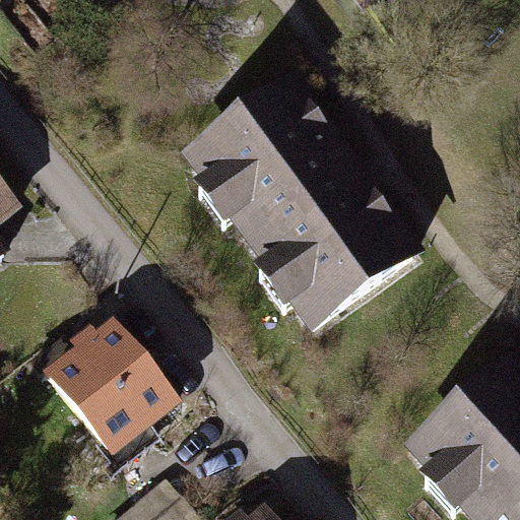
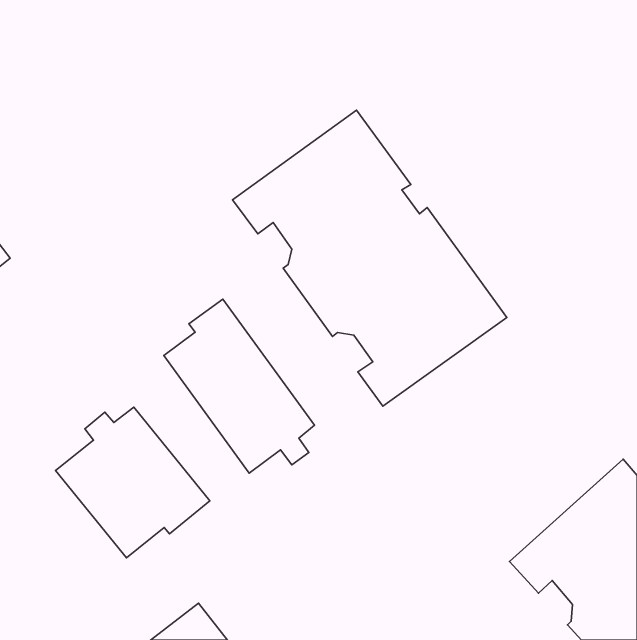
building: none -> [164,299,314,473]

